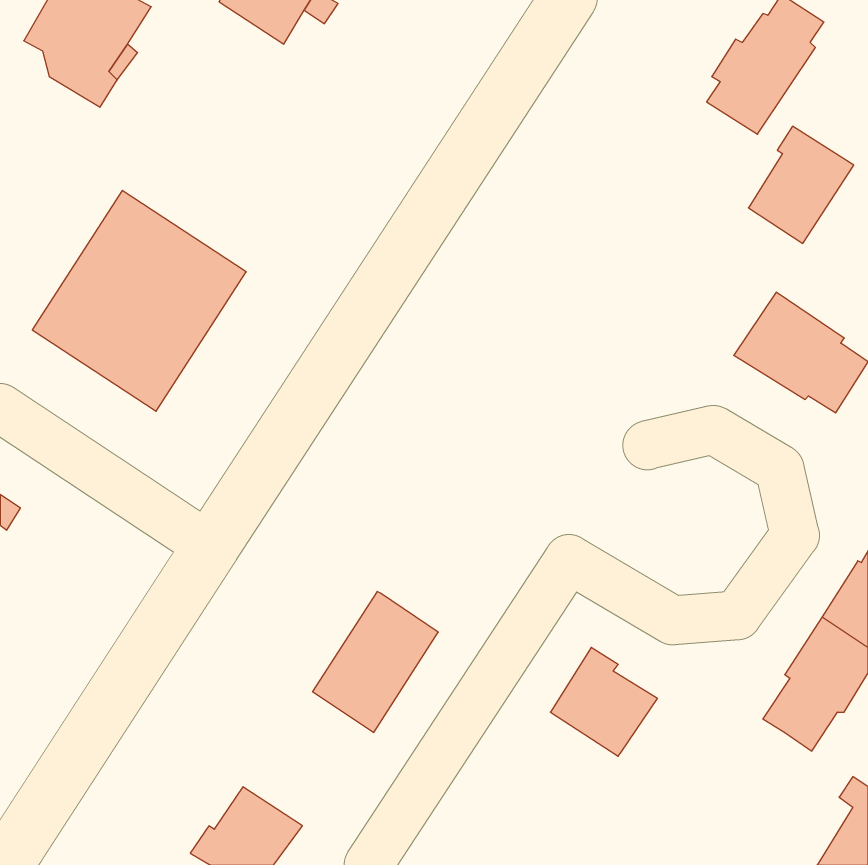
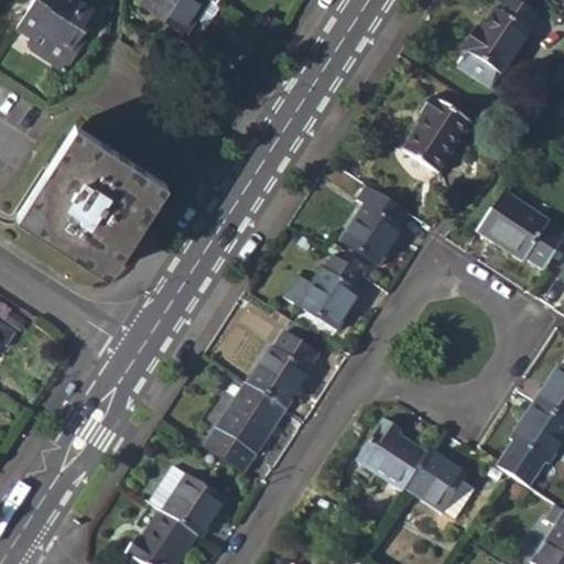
building: [748,126,854,243] -> [402,97,470,173]
building: none -> [339,185,410,265]
building: none -> [284,254,359,330]
building: none -> [247,330,319,410]
building: none -> [403,447,474,520]
building: none -> [147,465,225,538]

